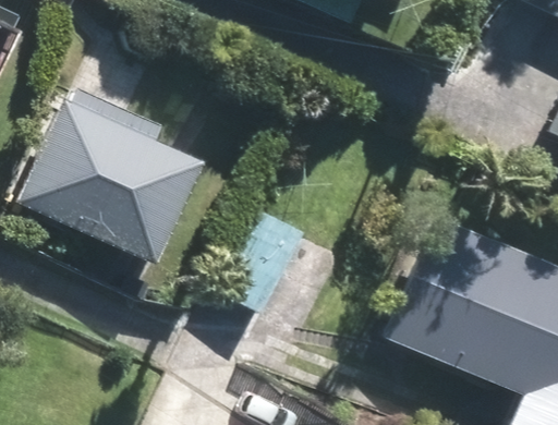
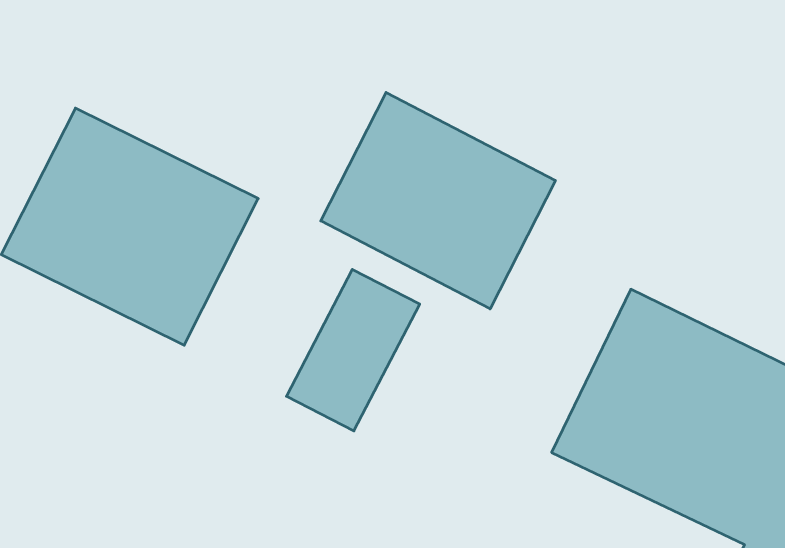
building: none -> [321,92,555,309]

